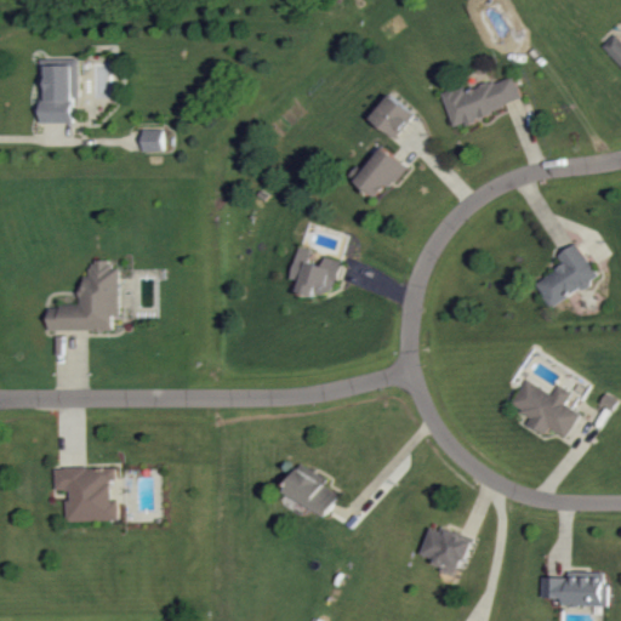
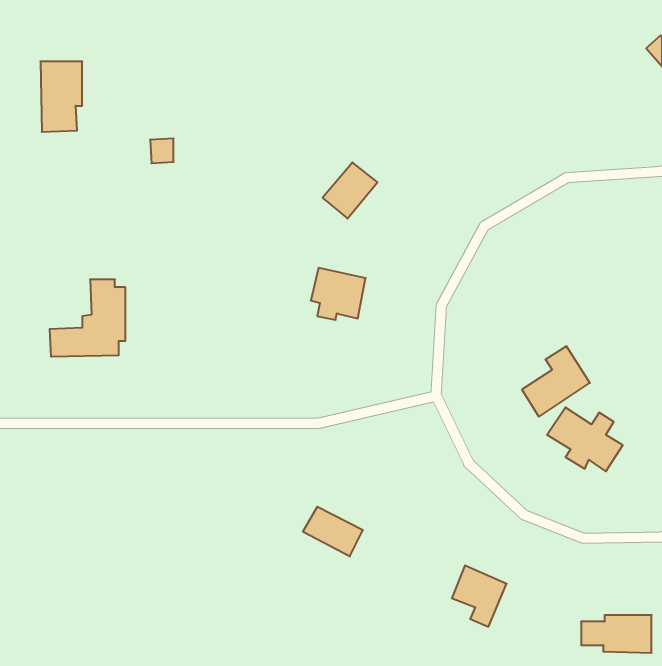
building: [440,73,520,125] -> none
building: [369,95,412,137] -> none
building: [353,147,404,199] -> [323,162,377,219]
building: [534,243,597,308] -> [522,346,590,417]
building: [52,467,116,522] -> none

